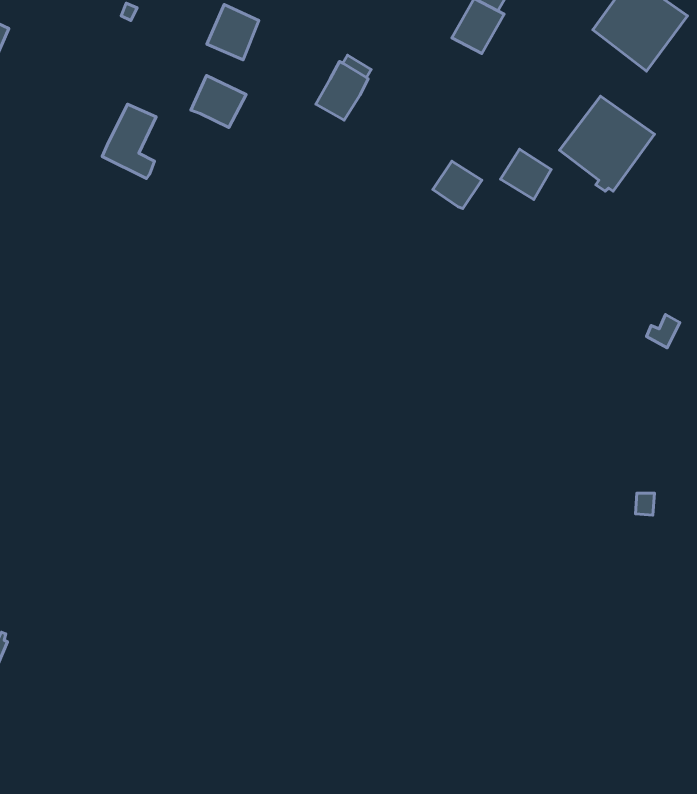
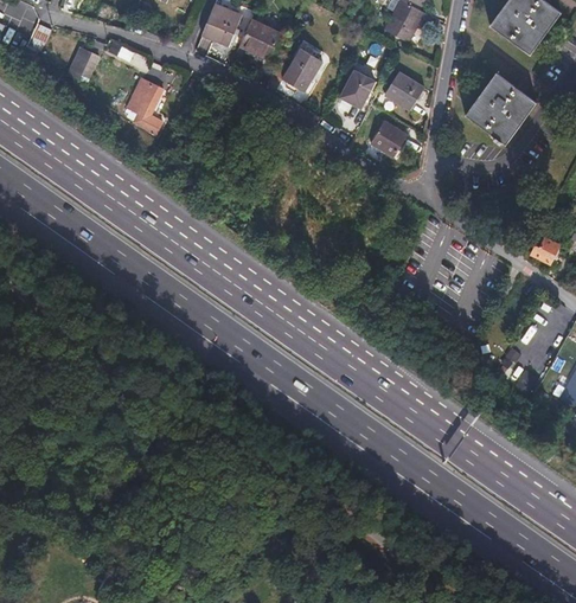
building: none -> [66,45,101,83]
building: [191,75,246,128] -> [239,19,281,58]
building: none -> [339,72,371,108]
building: [501,149,551,200] -> [383,71,421,109]

